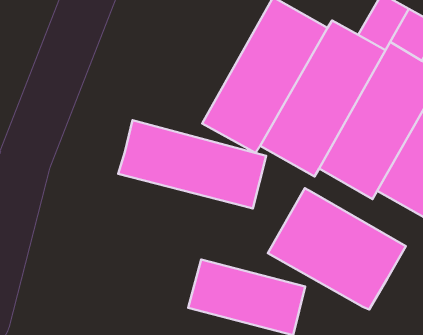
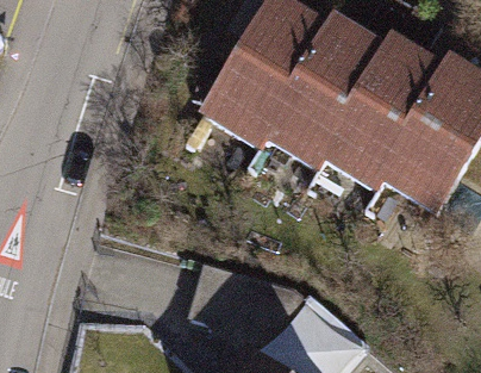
building: [118,120,266,208] -> none
building: [268,188,406,310] -> none

